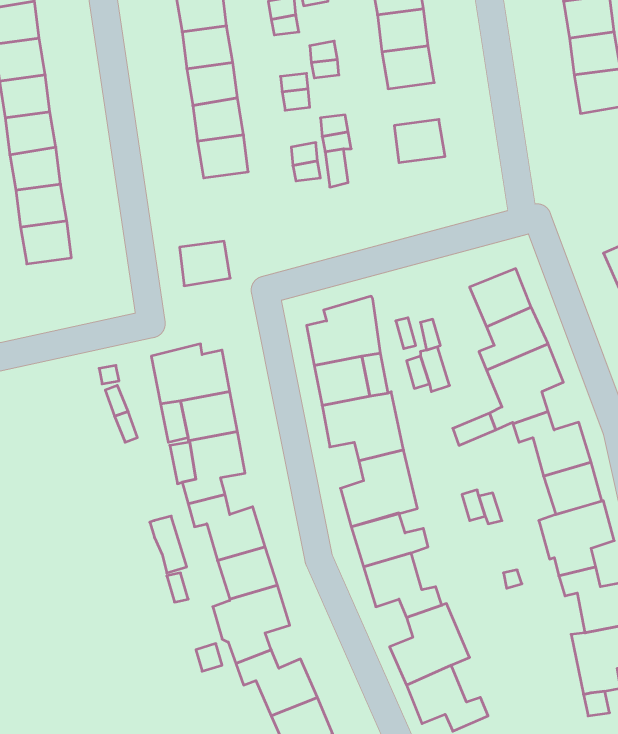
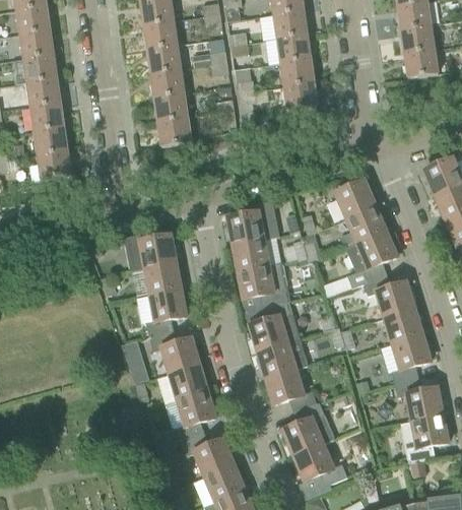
building: none -> [280,58,314,86]
building: [180,241,230,286] -> [158,117,192,146]

